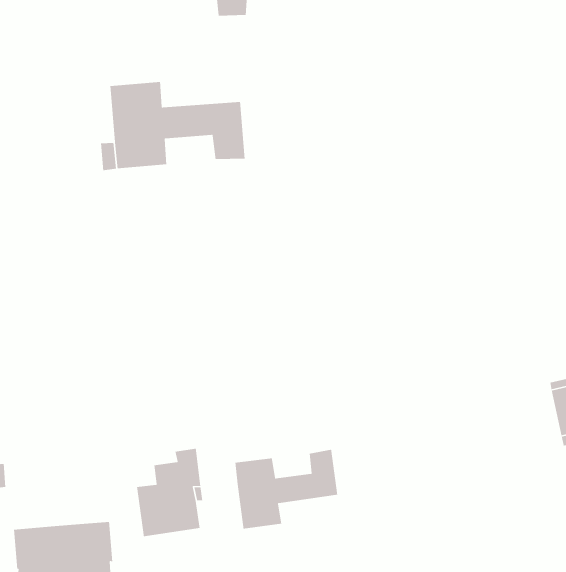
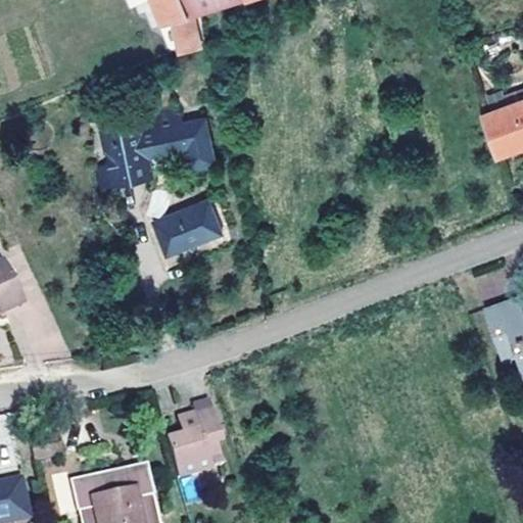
building: none -> [153,198,224,254]
building: [234,449,338,529] -> none

